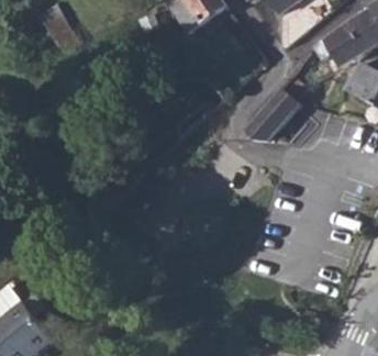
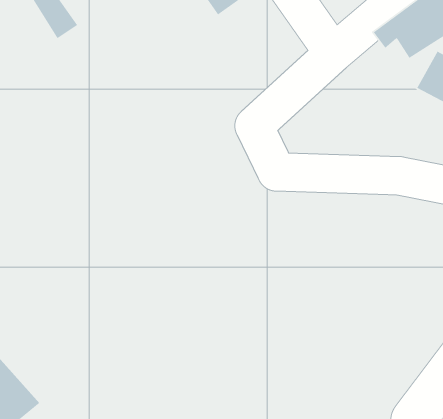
building: [242,90,298,144] -> none

